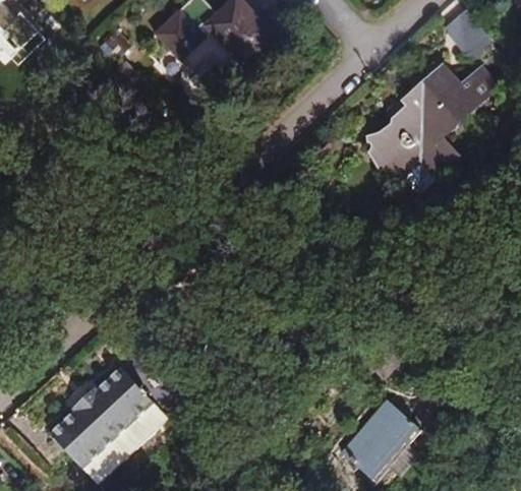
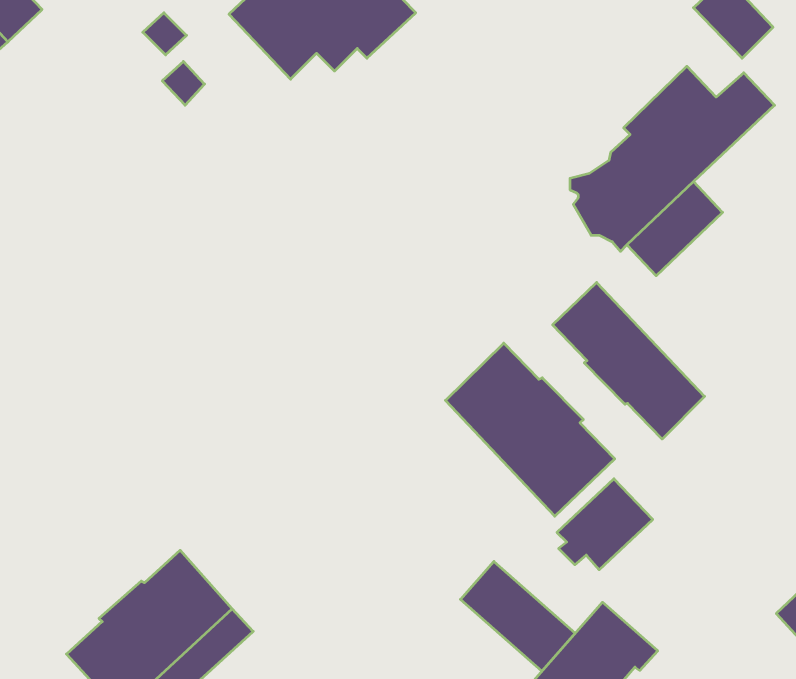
building: none -> [553,282,705,439]
building: none -> [445,343,615,516]
building: none -> [460,561,575,671]

